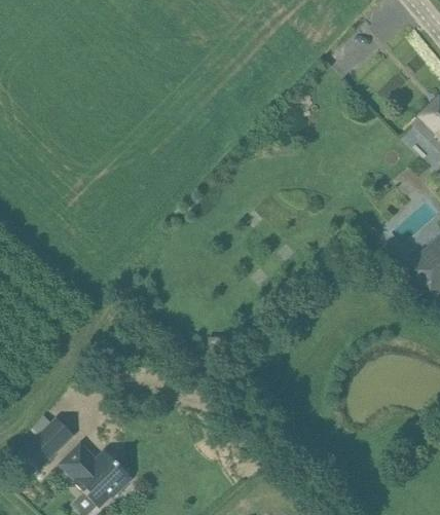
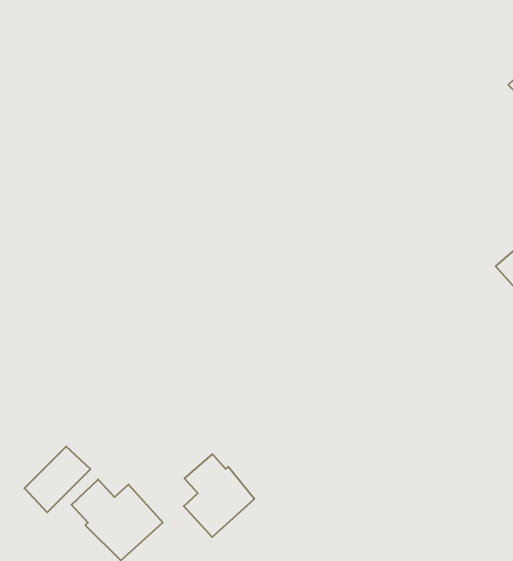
building: none -> [184,454,254,537]

